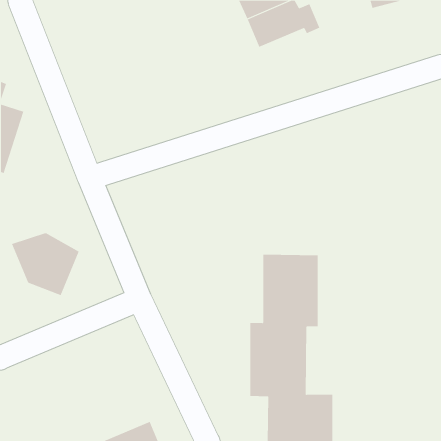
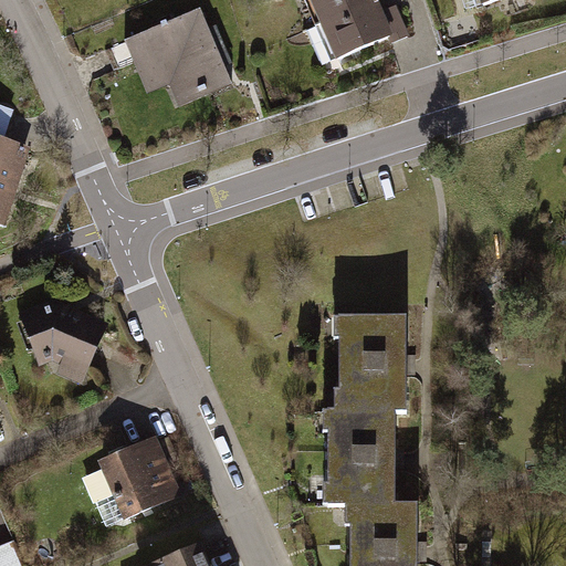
building: none -> [122,7,229,102]
building: none -> [95,434,180,516]

